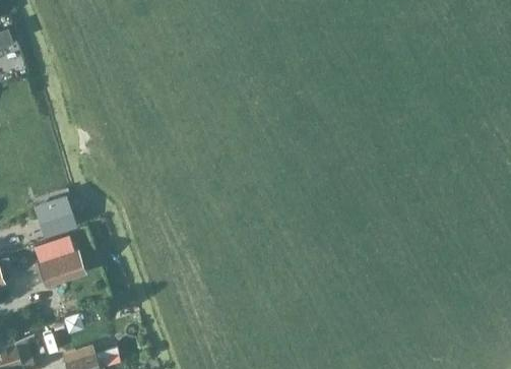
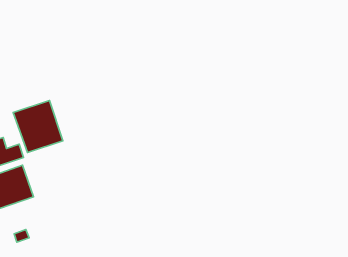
building: none -> [13,101,63,152]

